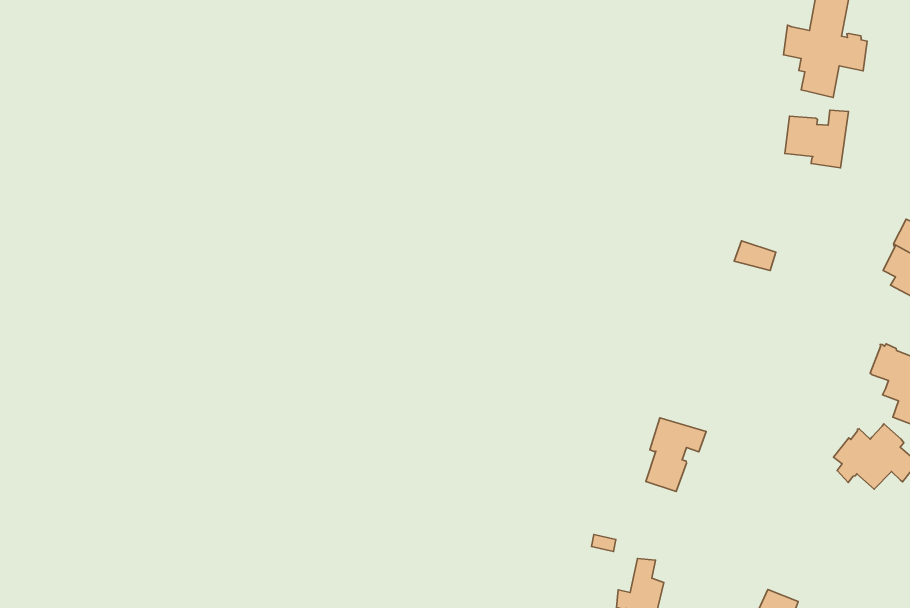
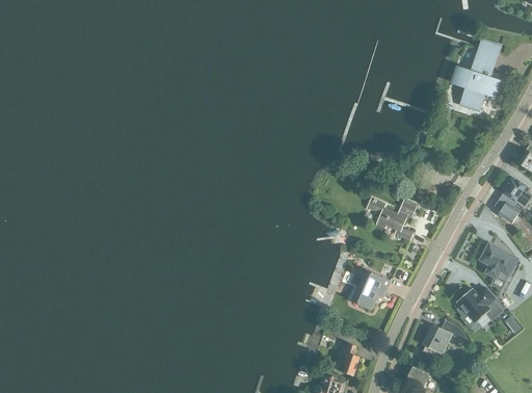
building: [785,110,849,168] -> none
building: none -> [366,196,417,239]
building: none -> [423,319,467,355]

